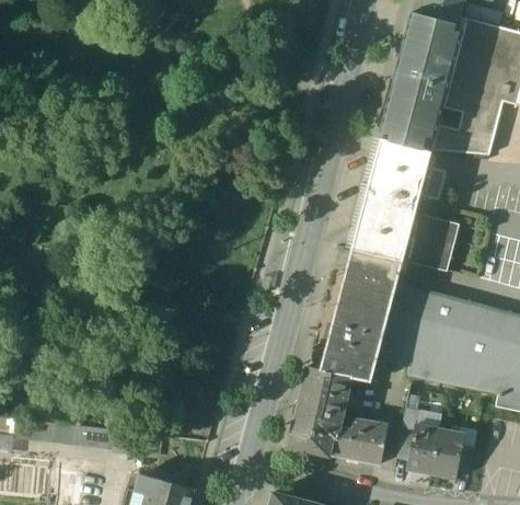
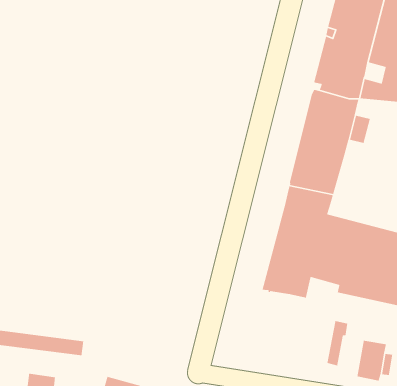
building: [405,215,460,271] -> none
building: [289,368,390,463] -> none
building: [408,425,439,472] -> none

